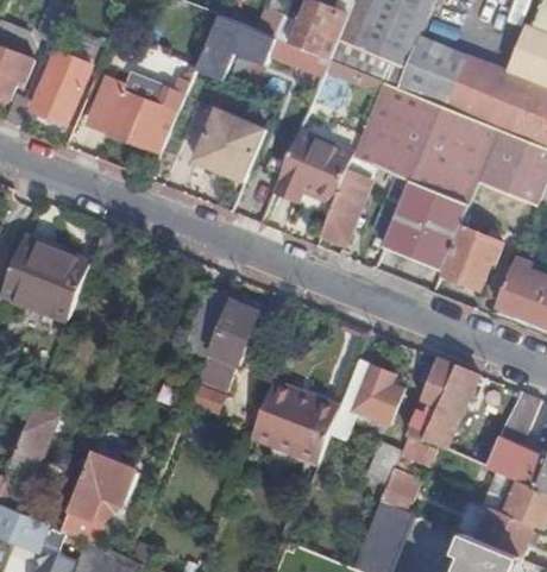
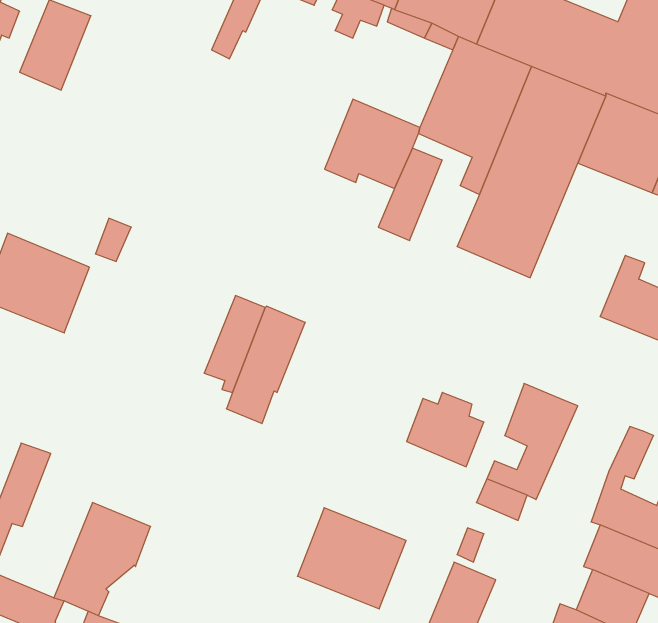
building: [90,73,181,151] -> none
building: [176,98,268,182] -> none
building: [440,225,503,290] -> none
building: [252,382,339,463] -> [297,508,406,609]

